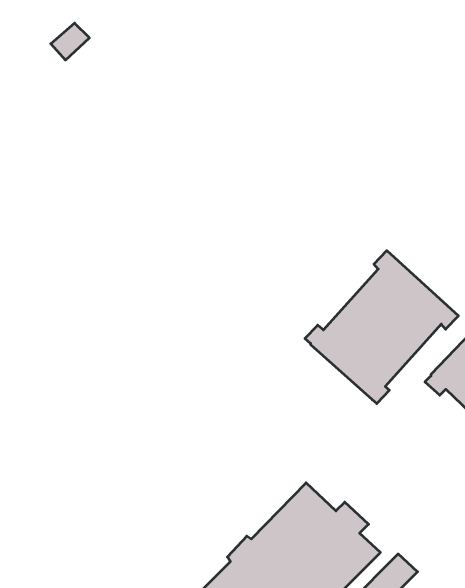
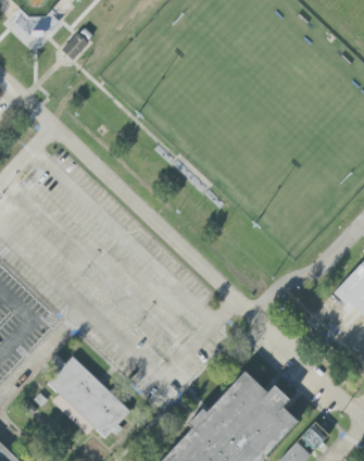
building: [305,251,458,404] -> none
building: none -> [48,357,130,438]

